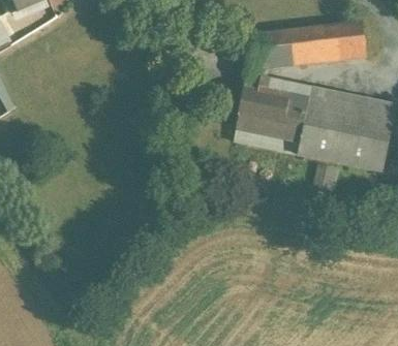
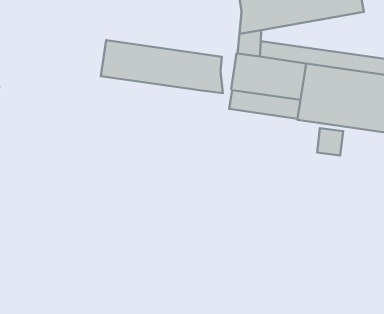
building: none -> [101,40,223,93]

